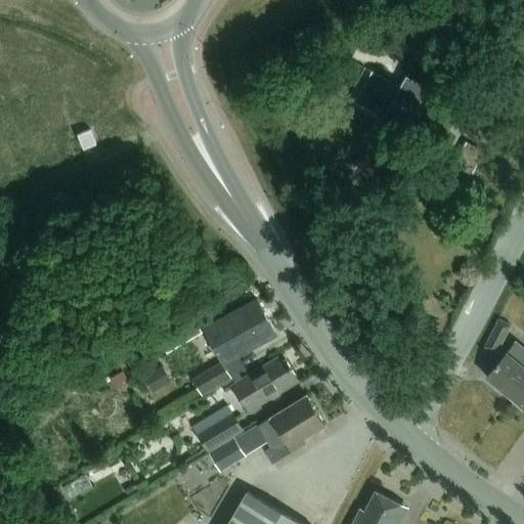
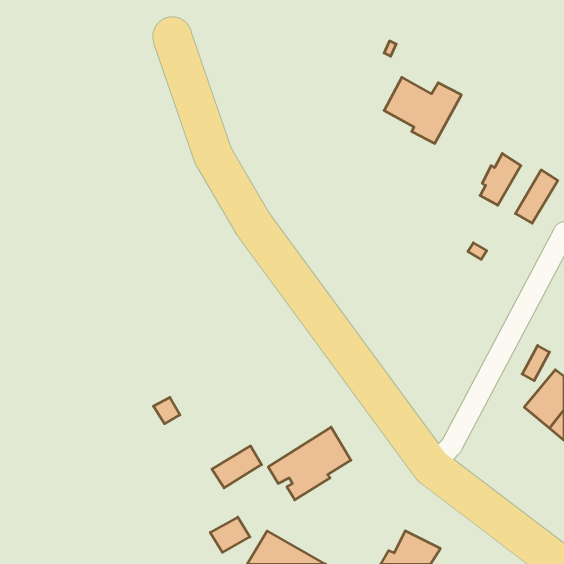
building: none -> [515,170,558,223]
building: [193,300,277,395] -> none
building: [231,359,296,413] -> none
building: [209,439,246,472] -> [210,517,250,552]

